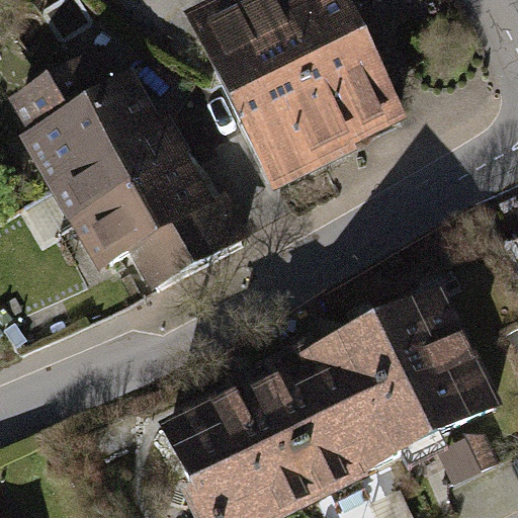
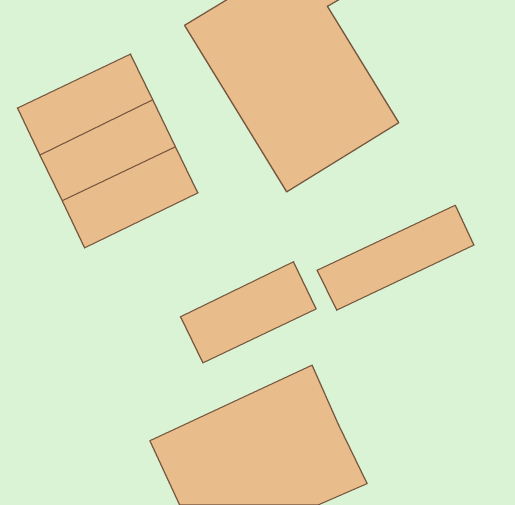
building: [84,191,219,291] -> [180,262,316,363]
building: none -> [317,205,474,310]
building: [310,308,483,480] -> none

